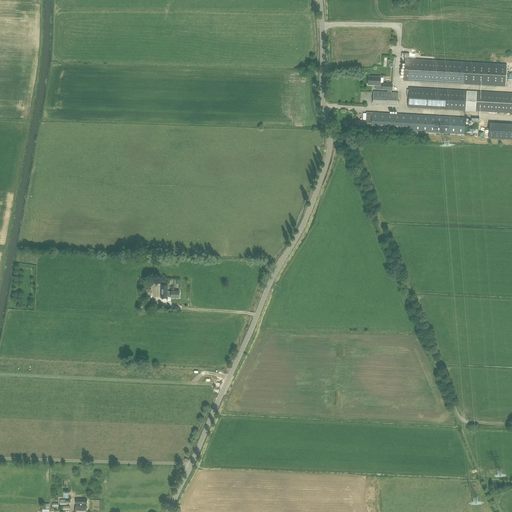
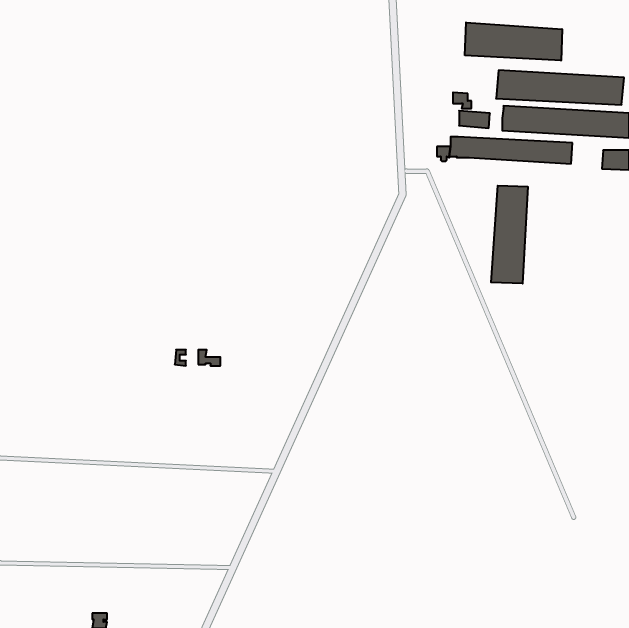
building: none -> [465,22,562,61]
building: none -> [491,186,528,284]

